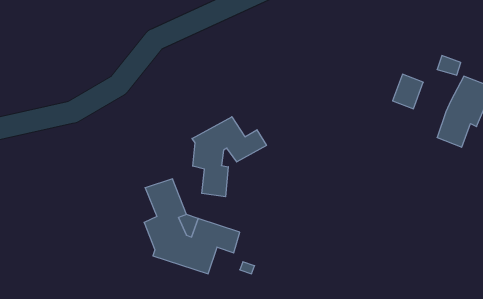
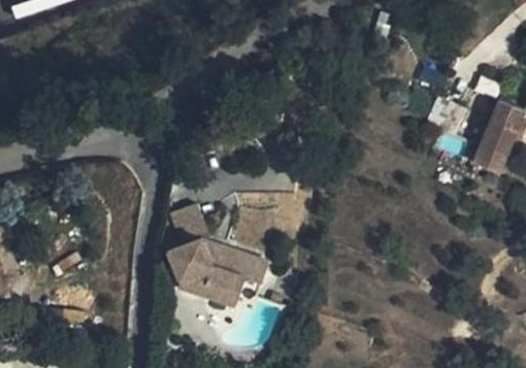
building: [192,117,266,197] -> none

